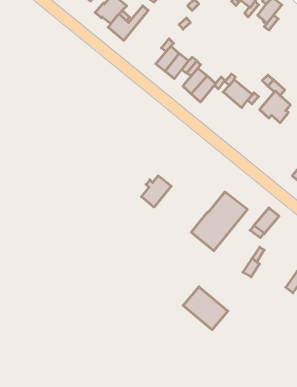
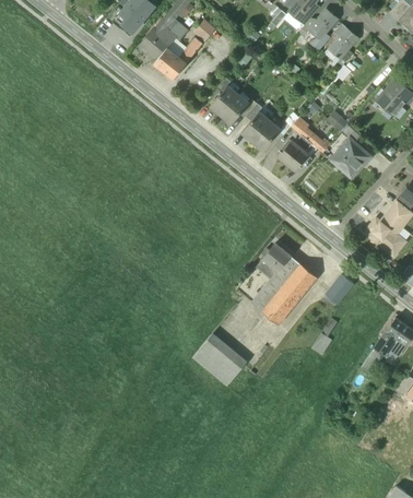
building: none -> [279,139,310,169]
building: [141,176,171,207] -> [256,244,291,280]
building: [183,287,228,330] -> [193,335,246,386]

